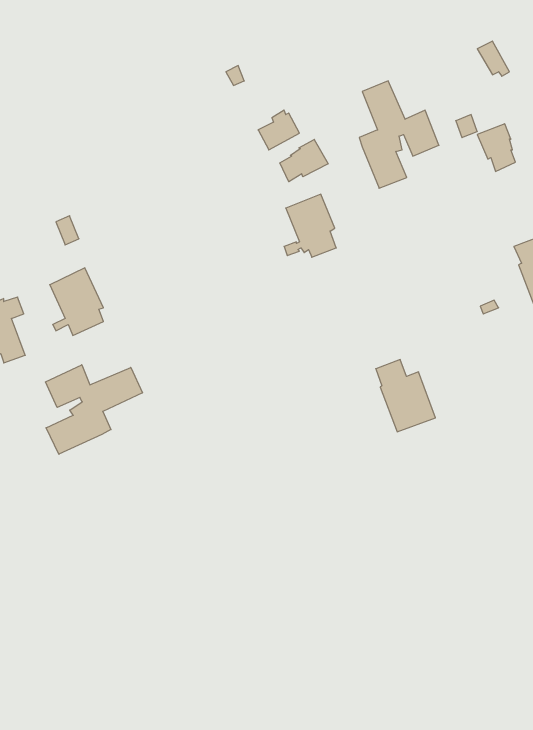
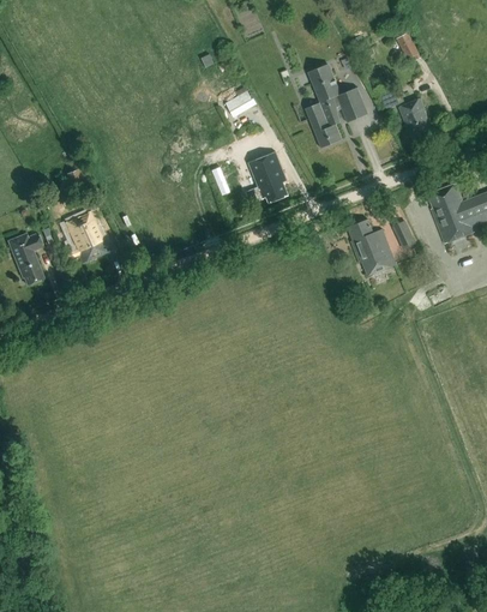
building: [280,139,328,182] -> none
building: [376,360,435,432] -> [348,218,395,275]
building: [46,365,142,454] -> none

